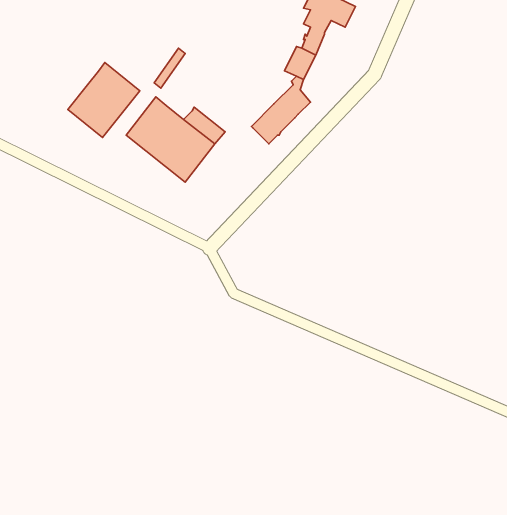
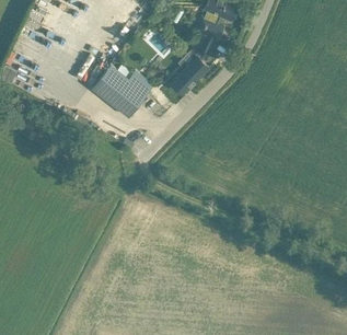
building: [68,62,140,138] -> none

